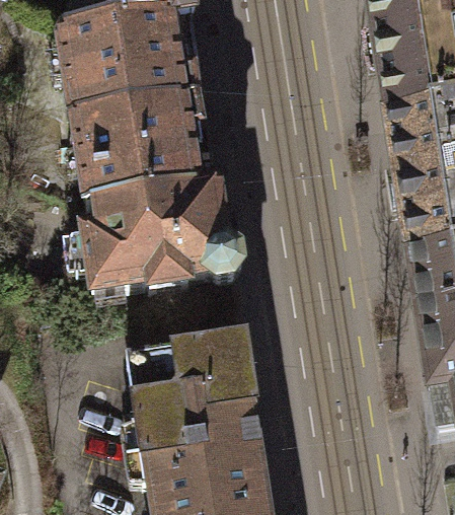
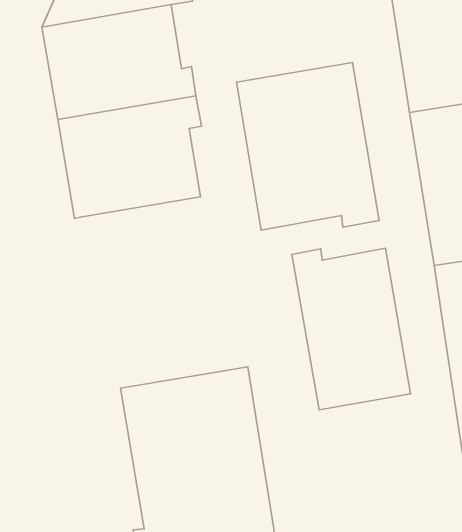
building: none -> [237,63,379,230]
building: [86,180,236,291] -> none
building: none -> [292,248,411,410]

